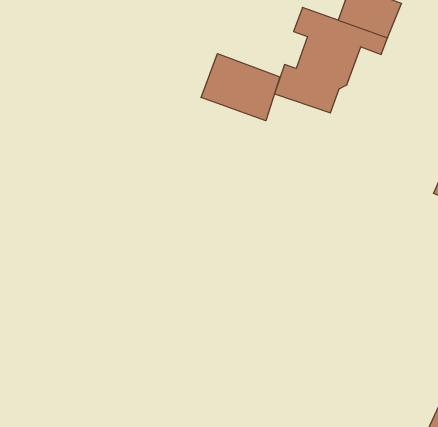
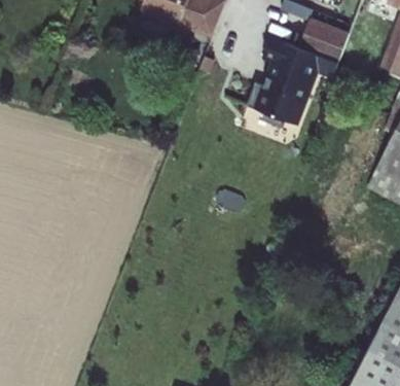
building: [201,54,280,121] -> none

